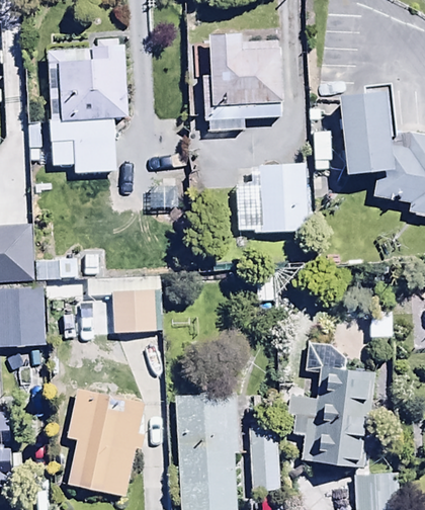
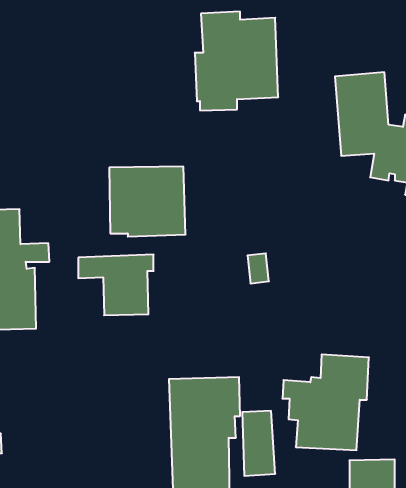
building: [45,38,128,174] -> none
building: [236,164,311,233] -> [109,167,186,237]
building: [66,389,148,497] -> none

